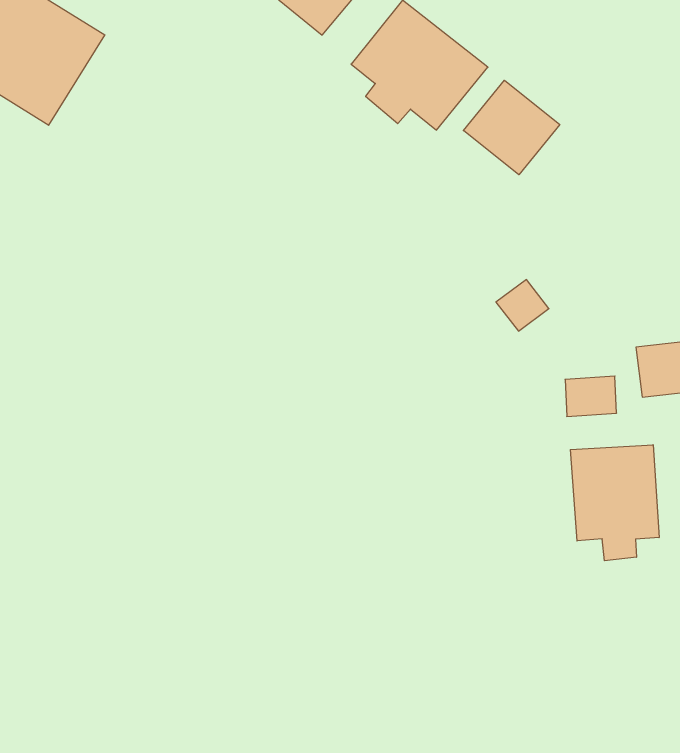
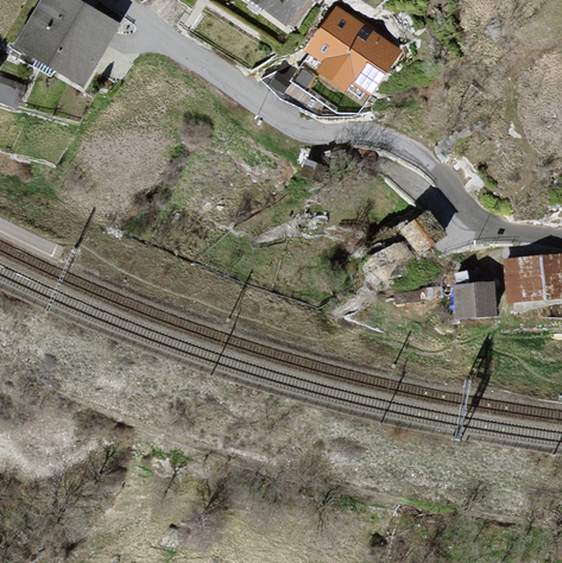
building: [463,80,560,175] -> none
building: [570,445,659,561] -> none

